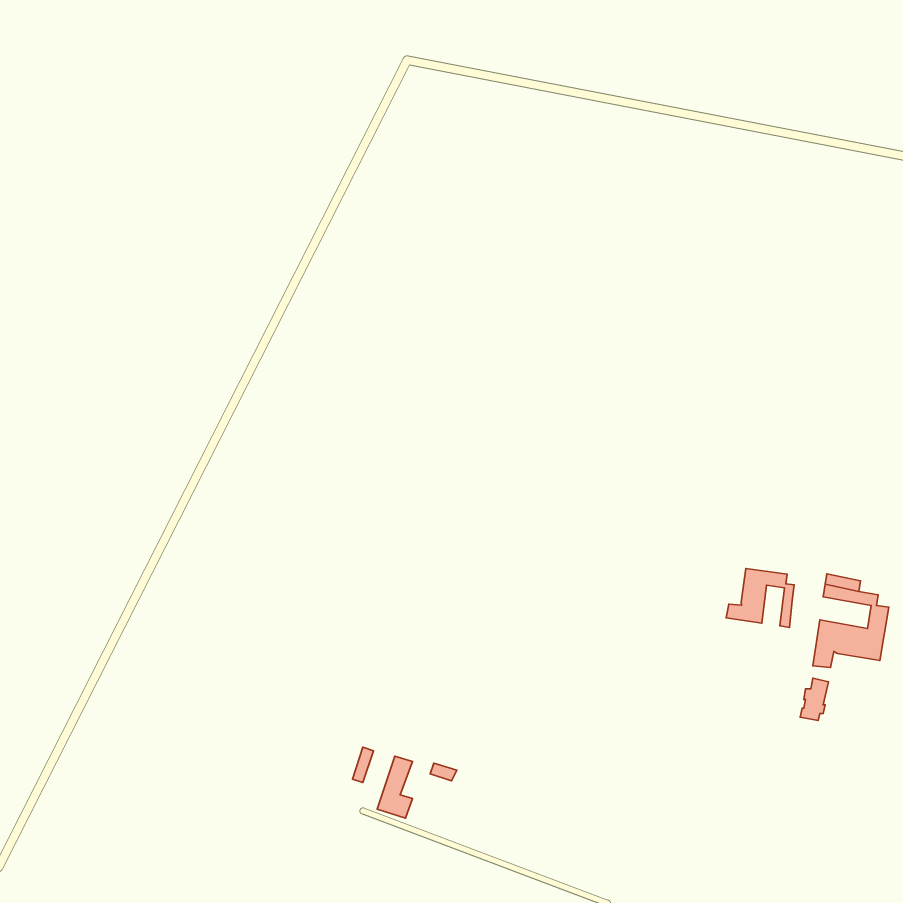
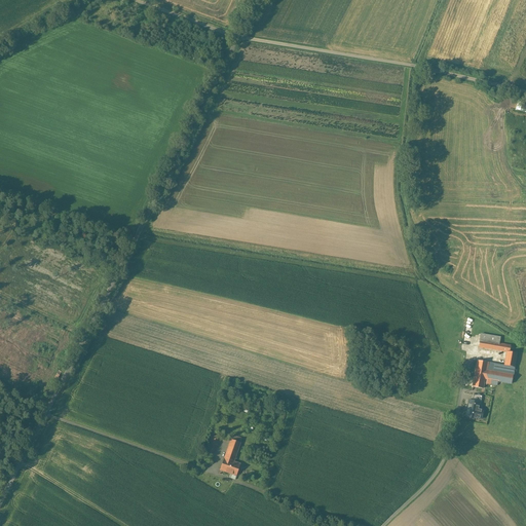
building: [726,568,794,627] -> none

